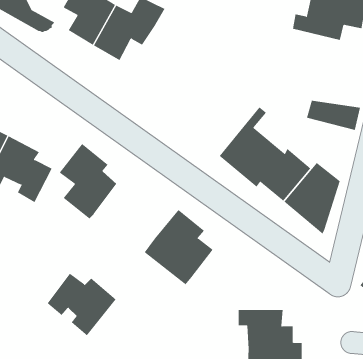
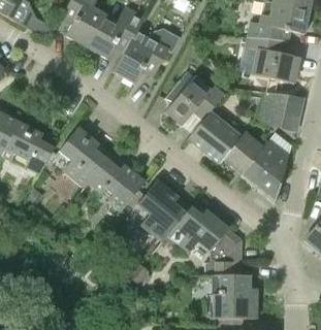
building: none -> [114,31,169,84]
building: none -> [246,33,299,82]
building: none -> [165,75,229,124]
building: none -> [255,105,300,132]
building: none -> [167,206,242,261]
building: [47,273,116,336] -> [88,159,145,210]

